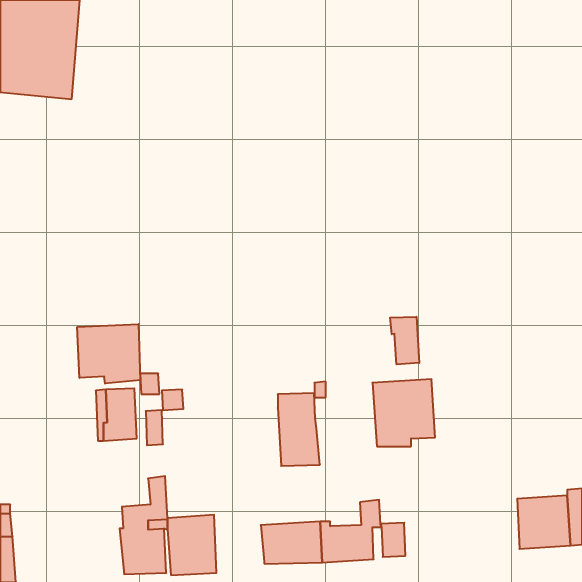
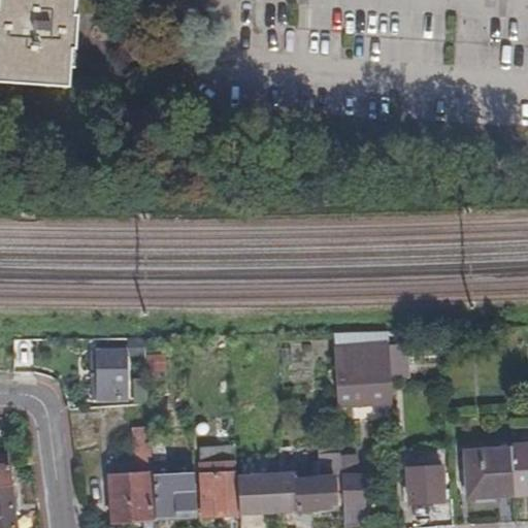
building: [390,317,419,364] -> none
building: [77,324,140,384] -> none
building: [278,393,320,466] -> [201,443,239,509]
building: none -> [409,467,444,501]

